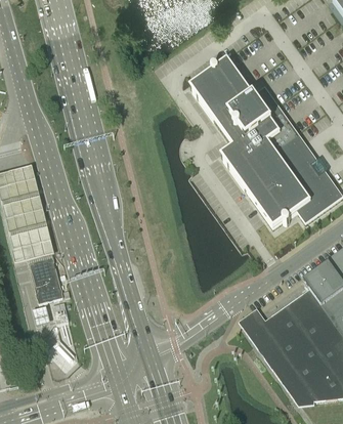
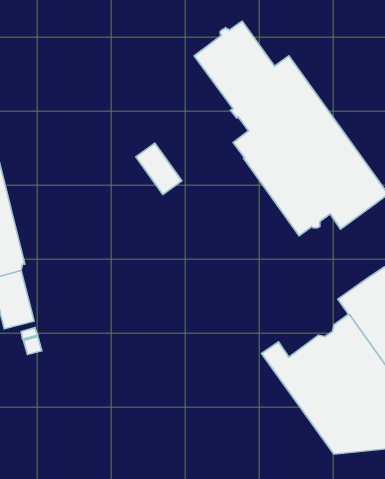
building: none -> [136,143,182,194]

